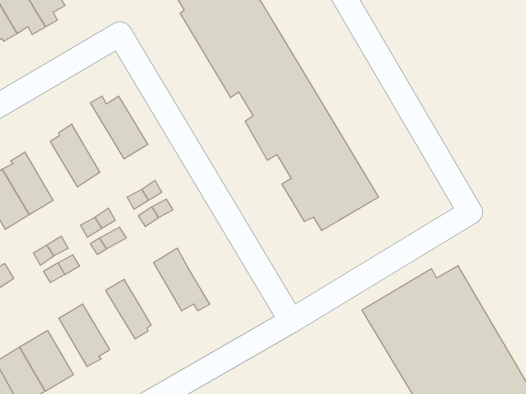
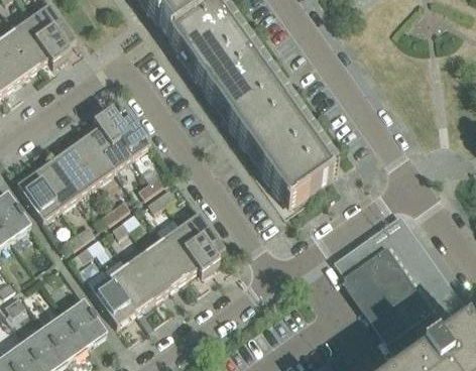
building: none -> [90,114,133,168]
building: none -> [54,147,98,194]
building: none -> [182,211,225,266]
building: none -> [141,237,189,286]
building: none -> [110,262,153,308]

